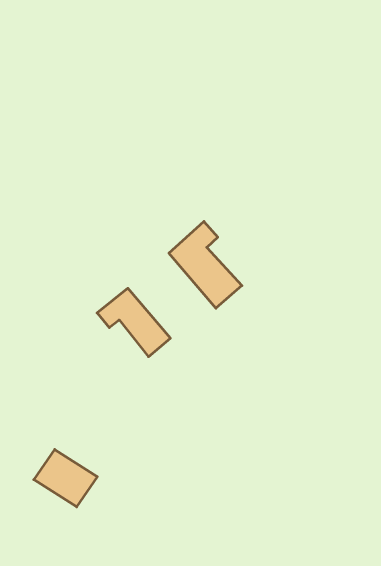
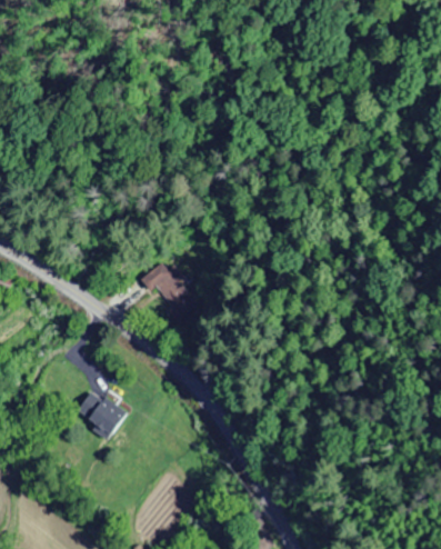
building: [169,221,242,308] -> none

